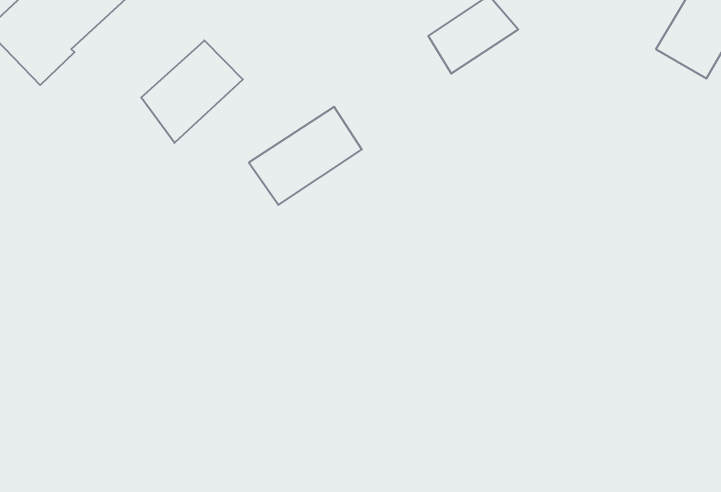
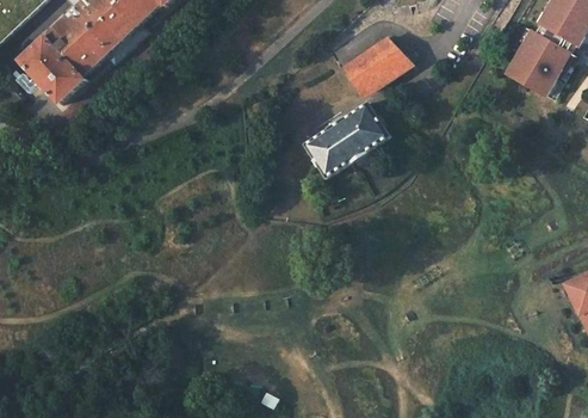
building: [141,40,243,143] -> none
building: [249,107,362,205] -> [304,103,386,174]

